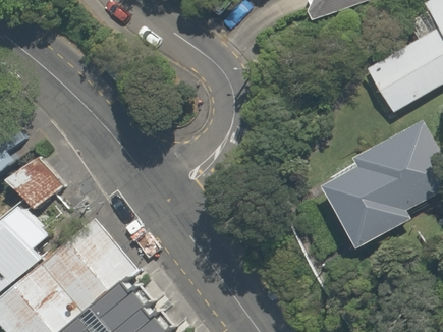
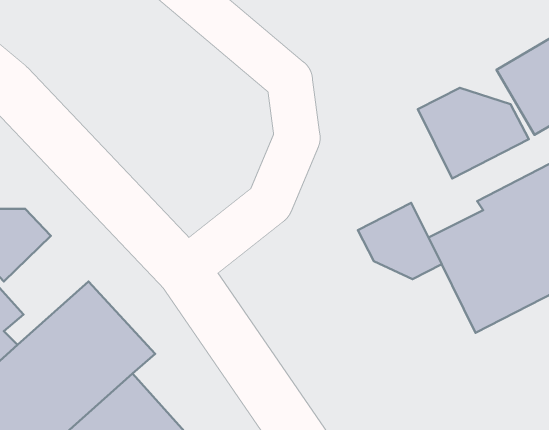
building: none -> [418,88,529,179]
building: none -> [358,203,442,279]

